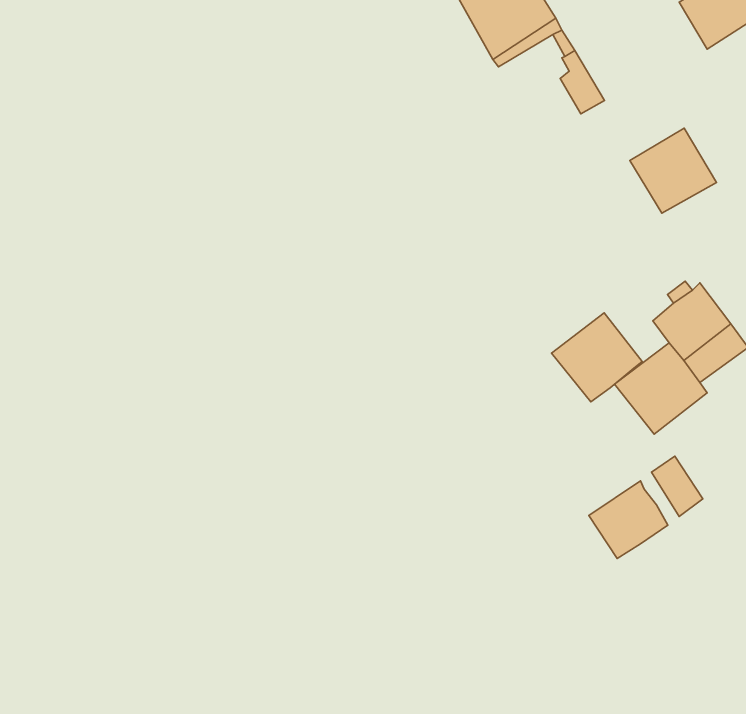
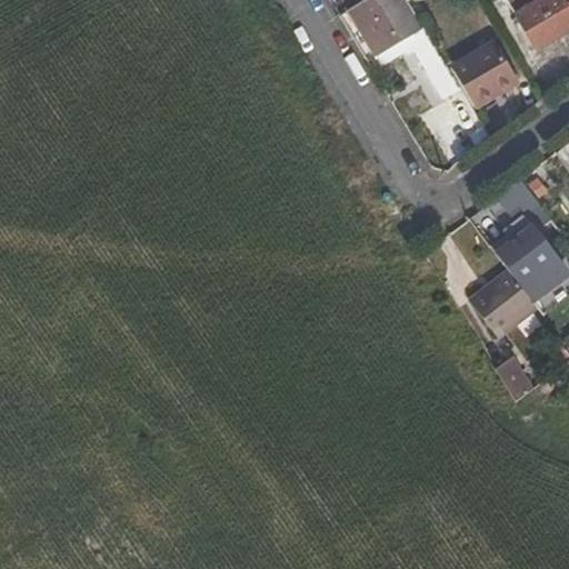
building: [630,128,716,213] -> [452,40,518,104]
building: [552,313,642,402] -> none
building: [589,481,668,559] -> none

